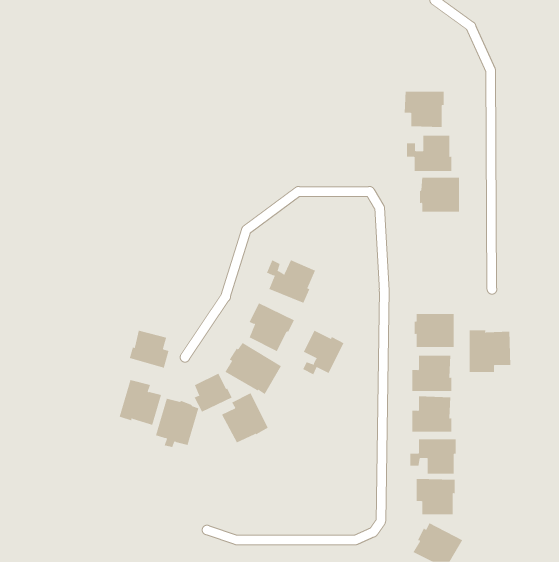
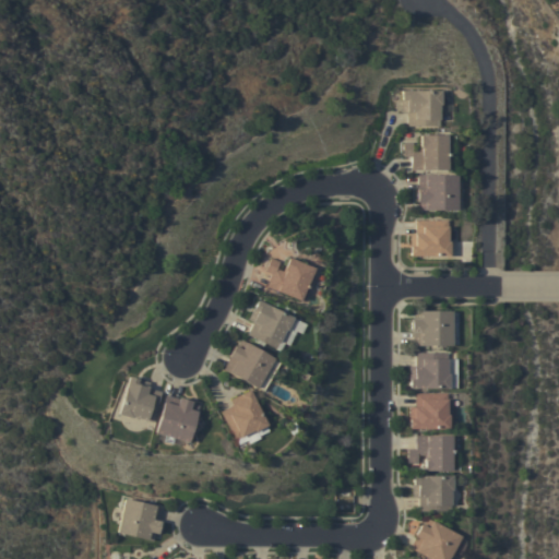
building: none -> [412,221,452,257]
building: [469,329,511,373] -> none
building: [302,330,344,375] -> none
building: [129,330,169,368] -> none
building: [194,373,232,413] -> none
building: none -> [119,499,165,540]

